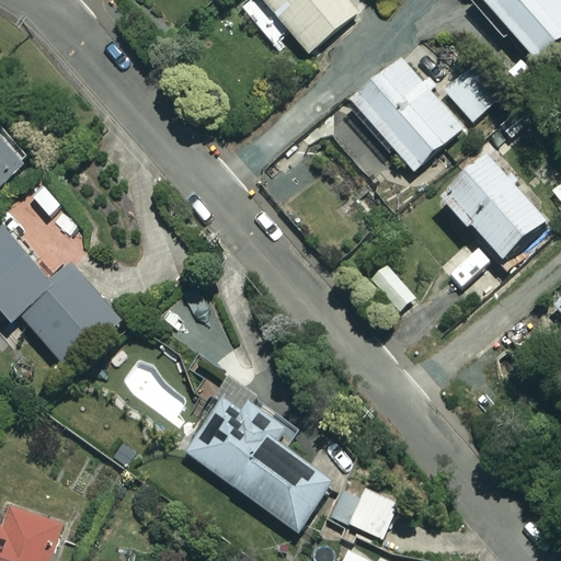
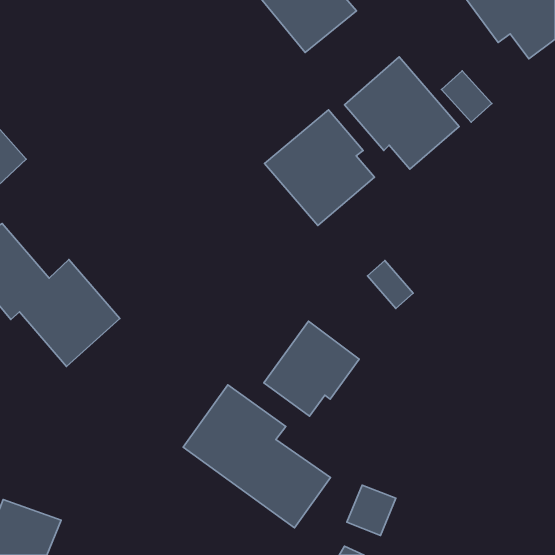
building: none -> [264,110,375,226]
building: [437,150,546,257] -> none
building: none -> [264,321,359,416]

